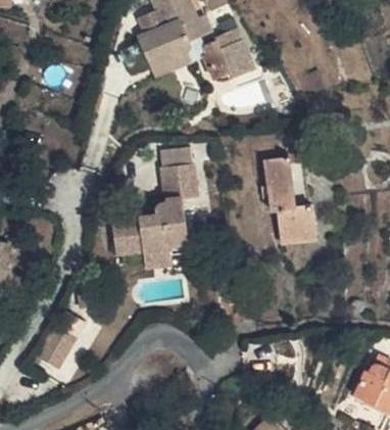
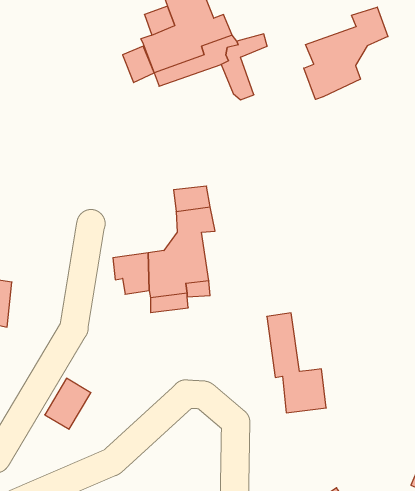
building: none -> [304,7,388,99]
building: [209,41,244,82] -> none
building: [260,163,310,247] -> [267,313,326,413]

